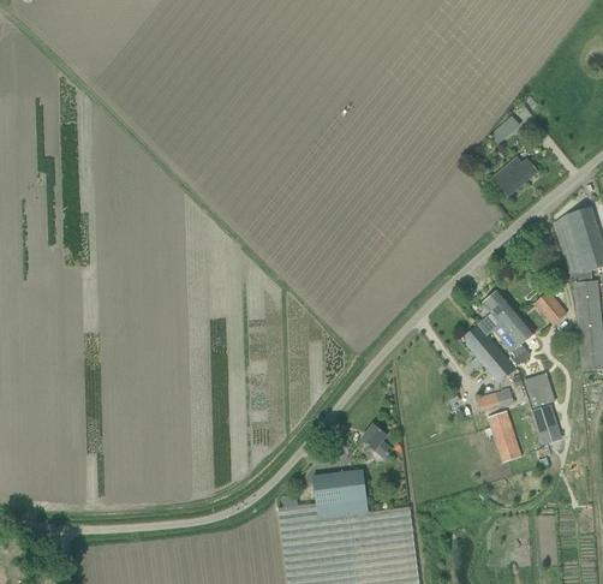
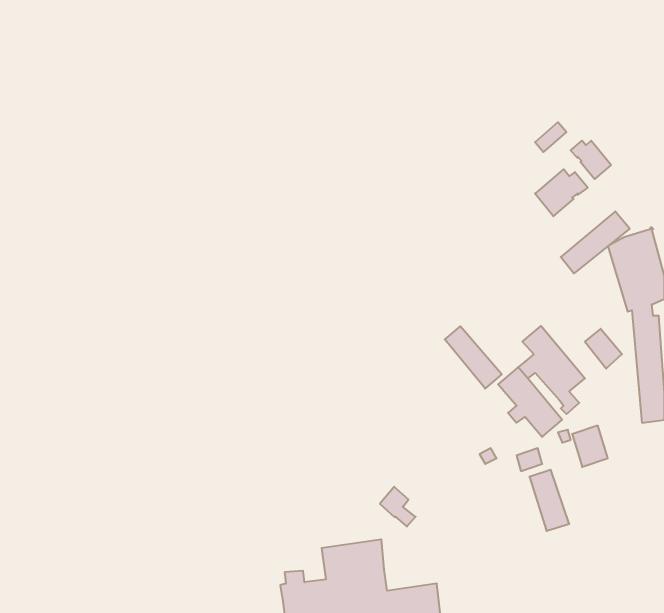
building: none -> [571,141,611,179]
building: none -> [561,211,630,273]
building: none -> [445,326,502,389]
building: [531,404,561,443] -> none

